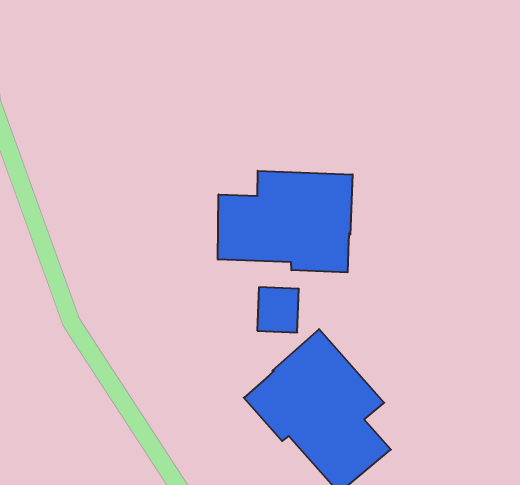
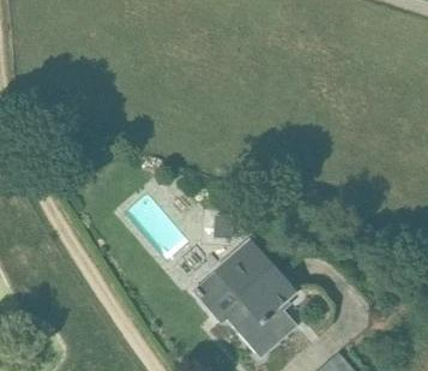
building: [218,171,353,272] -> none

